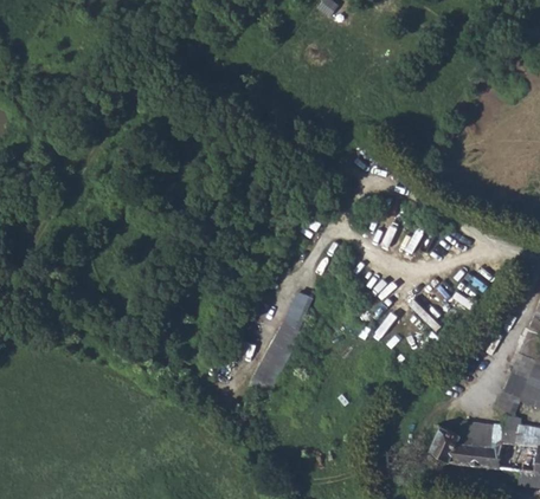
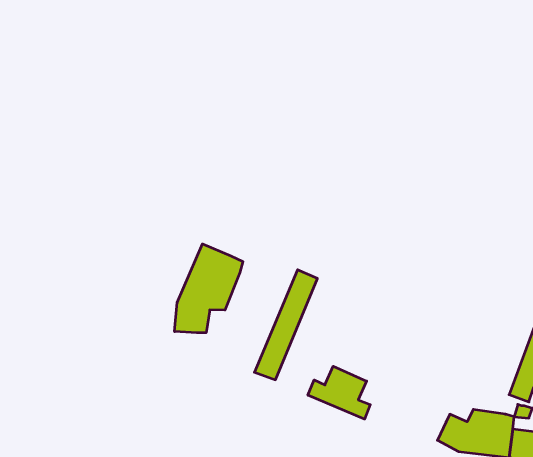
building: none -> [175,244,243,333]
building: none -> [308,366,370,419]

